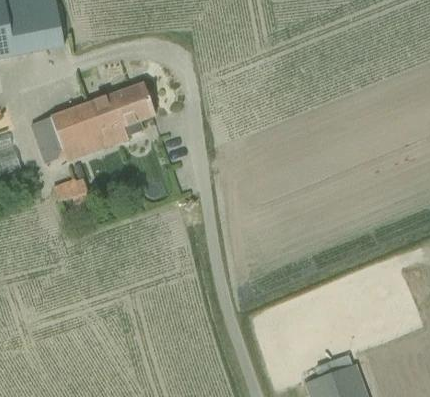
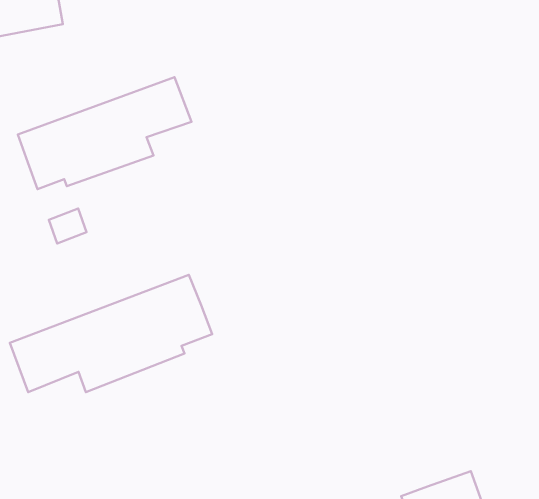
building: none -> [10,275,212,392]

